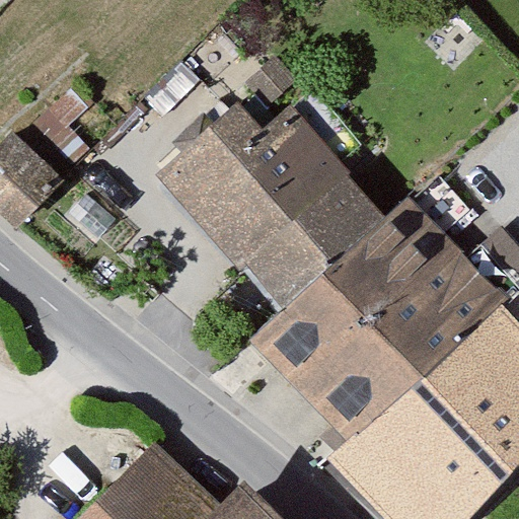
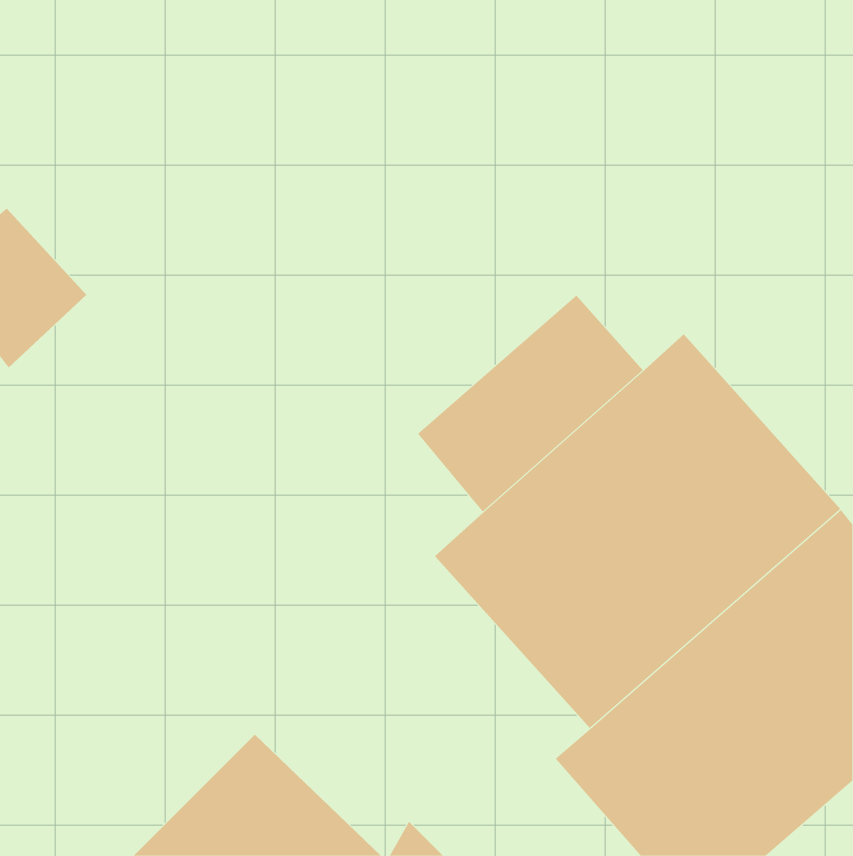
building: [164,103,349,269] -> none

